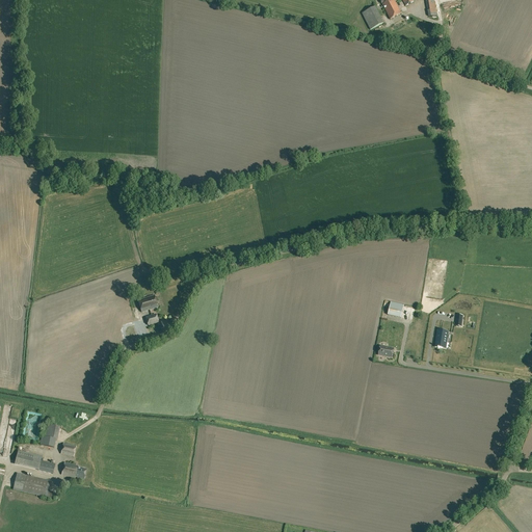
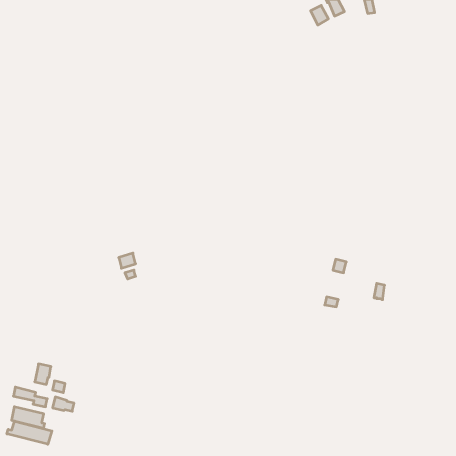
building: none -> [7,421,52,444]

